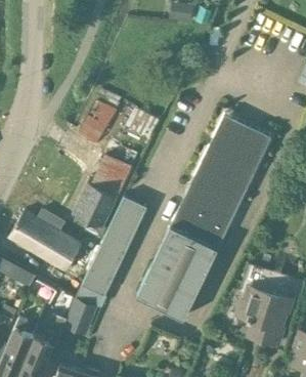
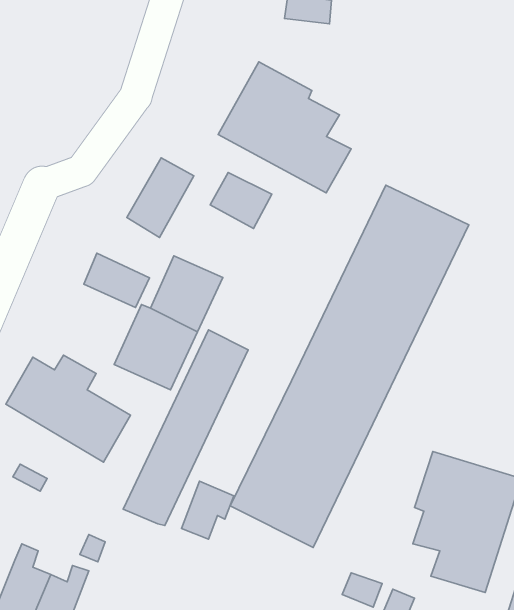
building: none -> [218,62,351,193]
building: none -> [84,253,149,308]
building: [67,297,96,330] -> [181,481,234,539]

